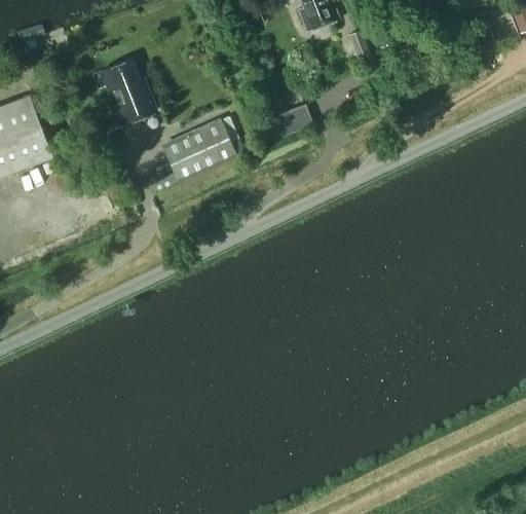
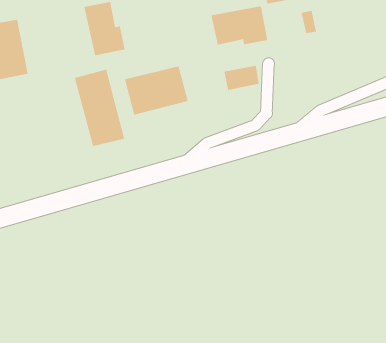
building: none -> [211,5,268,46]
building: none -> [74,69,125,147]

